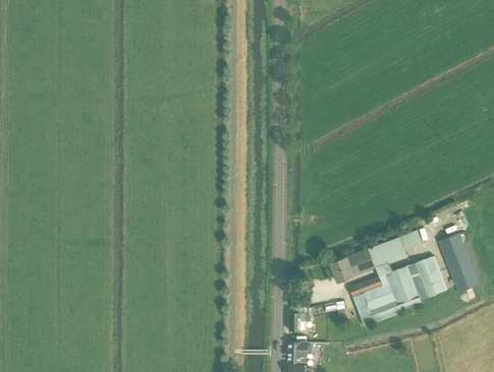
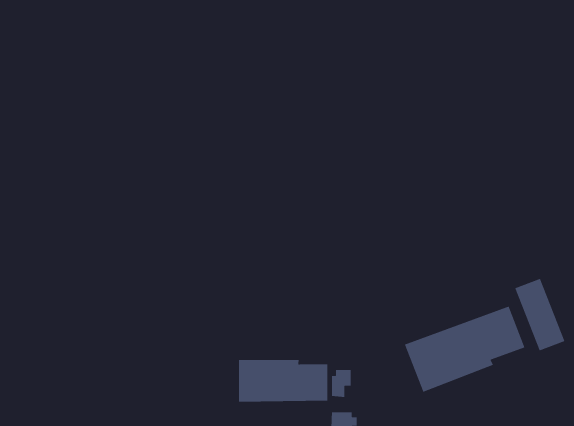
building: [330,230,422,282] -> none
building: none -> [238,359,328,402]

